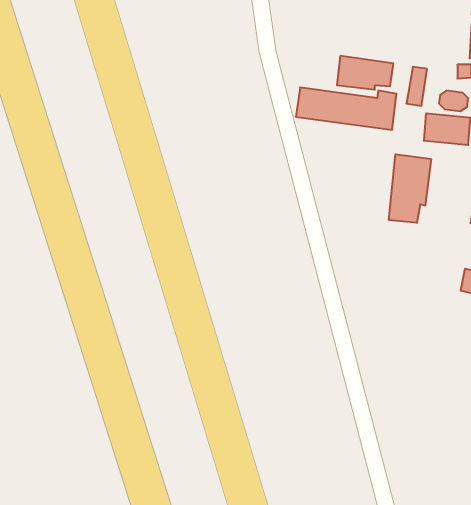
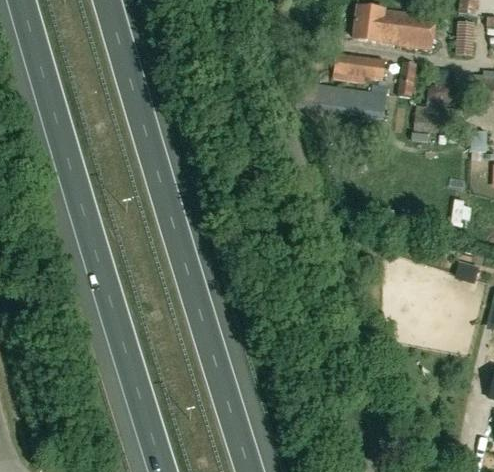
building: none -> [353,6,435,49]
building: [389,154,431,223] -> none

